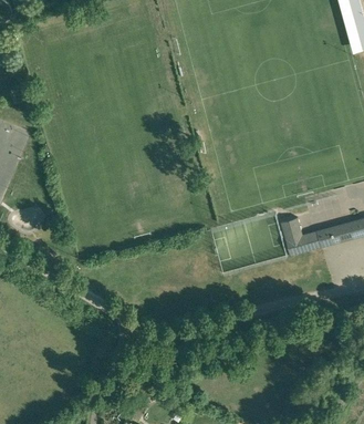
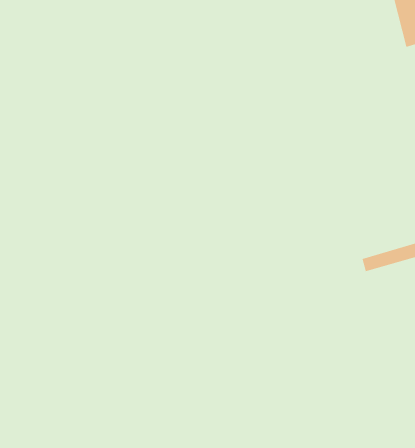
building: [280,217,318,255] -> none

